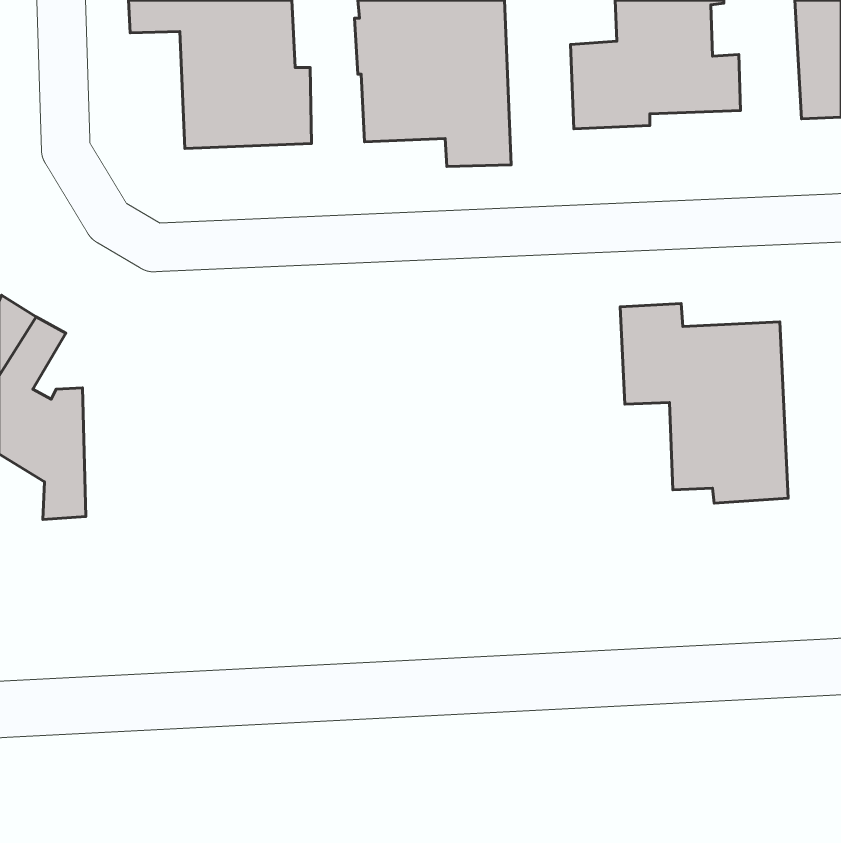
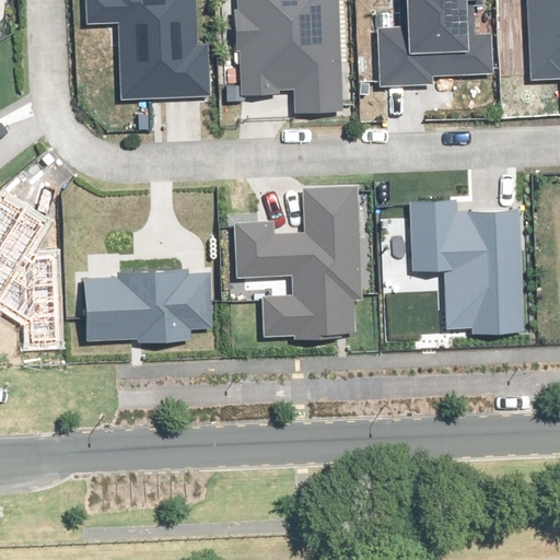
building: none -> [232,189,359,337]
building: none -> [84,270,212,342]

